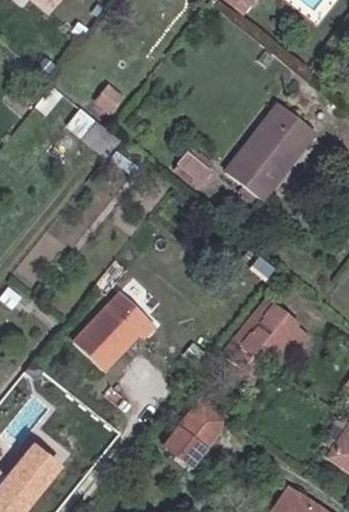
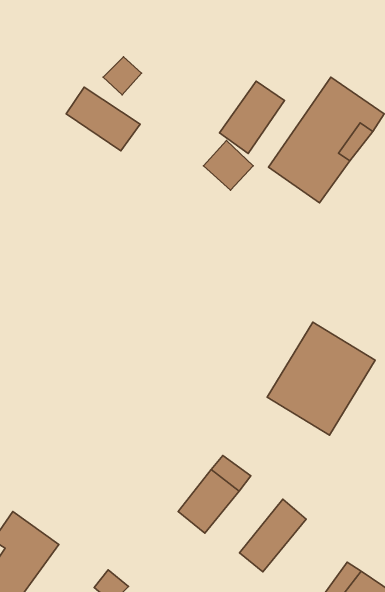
building: none -> [219,81,284,154]
building: [70,296,147,369] -> none
building: none -> [240,499,306,572]

